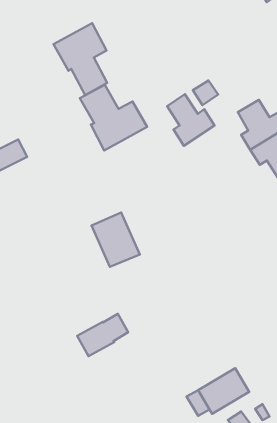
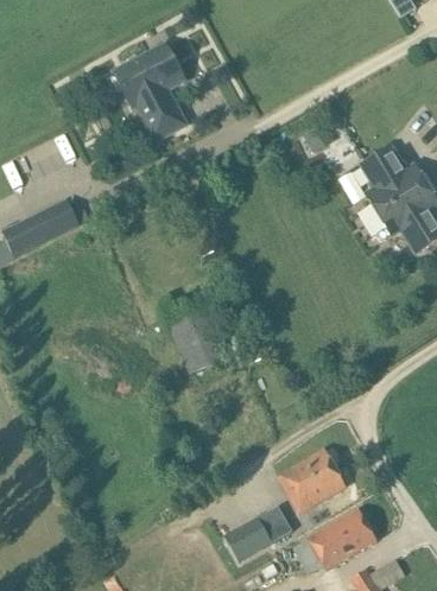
building: [80,85,147,150] -> none
building: [167,94,214,146] -> none
building: [77,314,128,356] -> [223,504,292,561]
building: none -> [279,449,348,514]

